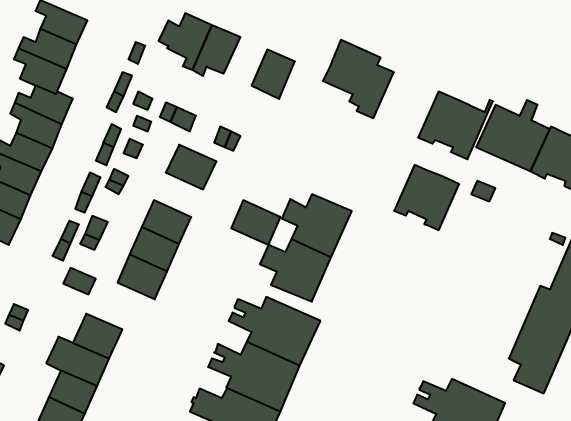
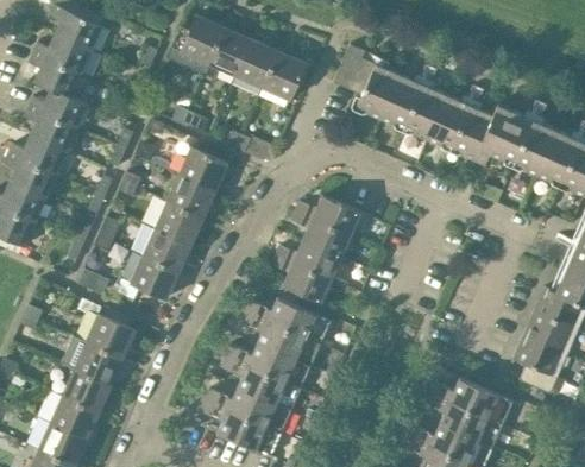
building: none -> [234,42,277,89]
building: [394,165,459,230] -> [382,76,446,140]
building: [231,200,281,245] -> [165,175,214,219]

